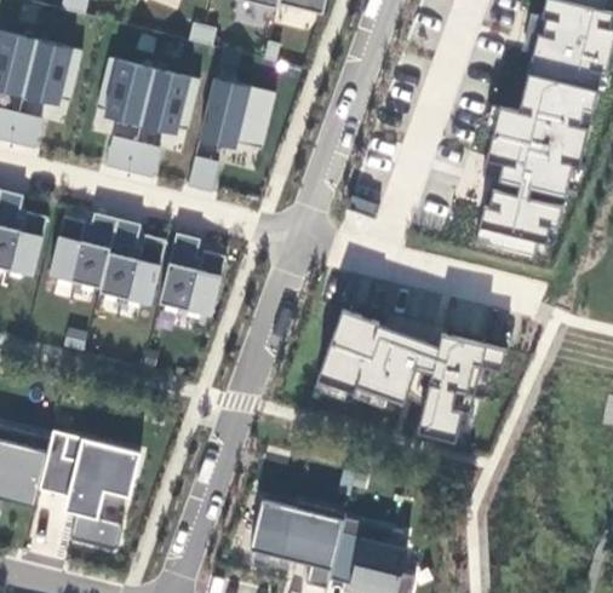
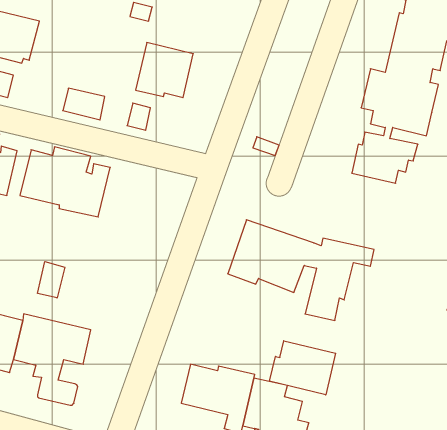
building: [93,57,196,133] -> none
building: [156,232,223,316] -> none
building: none -> [38,262,65,298]
building: none -> [269,341,336,395]

